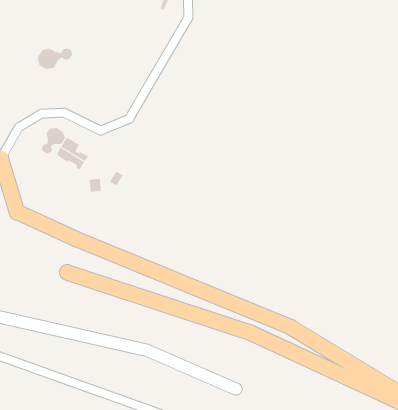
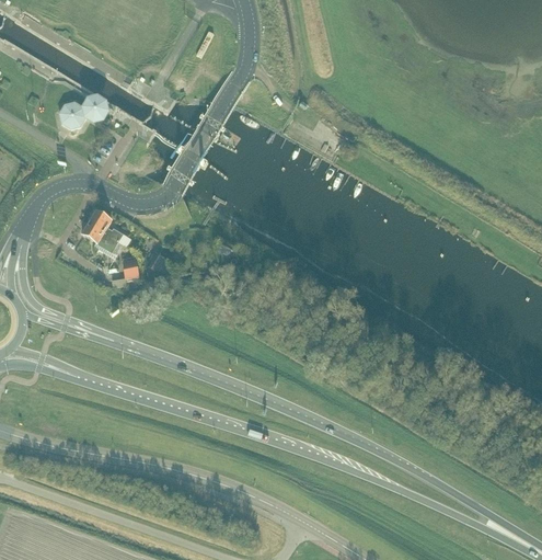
building: [41,127,65,154] -> none

